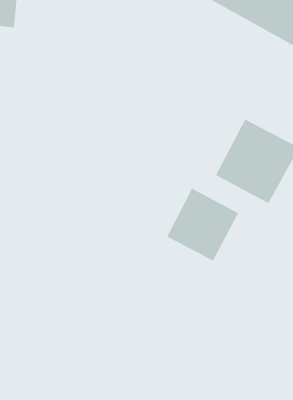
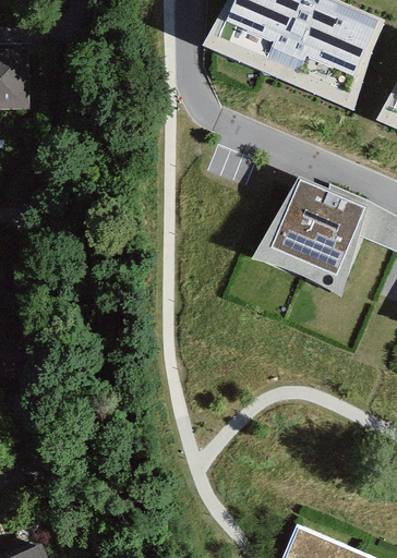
building: [167,188,239,261] -> none

